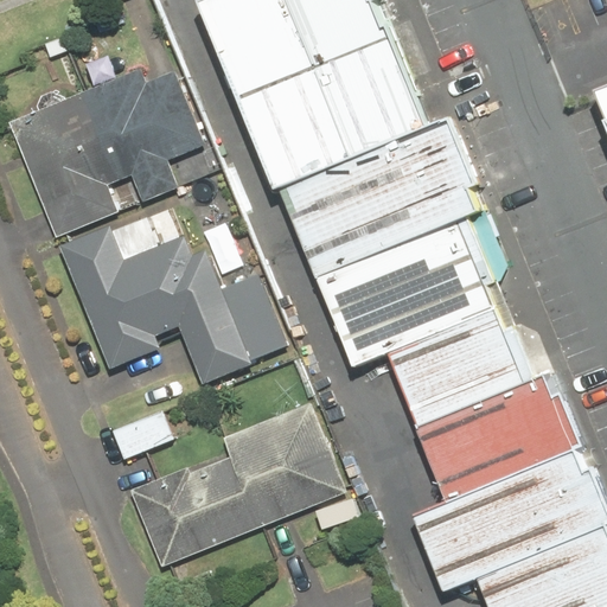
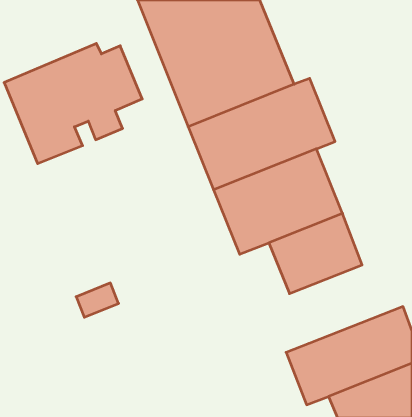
building: [60,225,288,388] -> none
building: [420,373,584,499] -> none
building: [129,401,347,568] -> none

